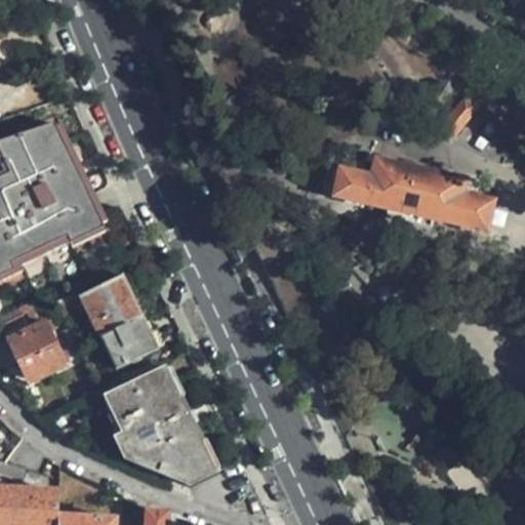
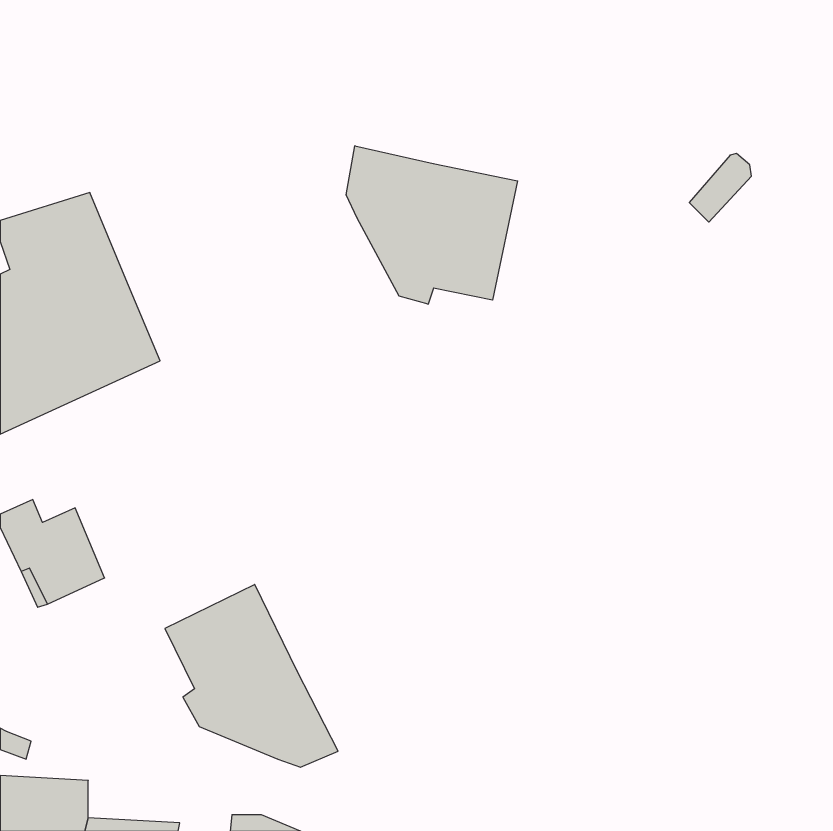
building: none -> [346,146,518,304]
building: [331,158,491,229] -> none
building: [81,276,156,368] -> none

